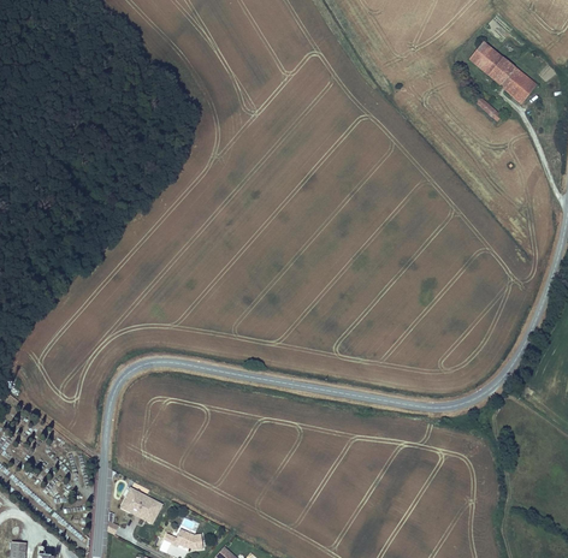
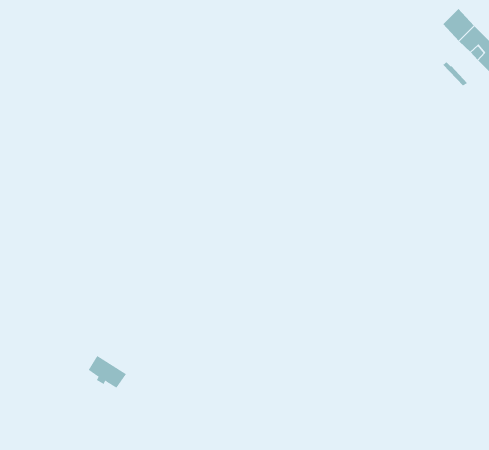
building: [123,487,162,518] -> [88,355,127,389]

